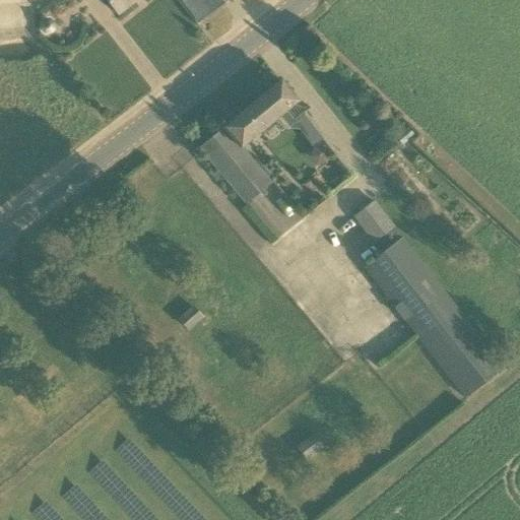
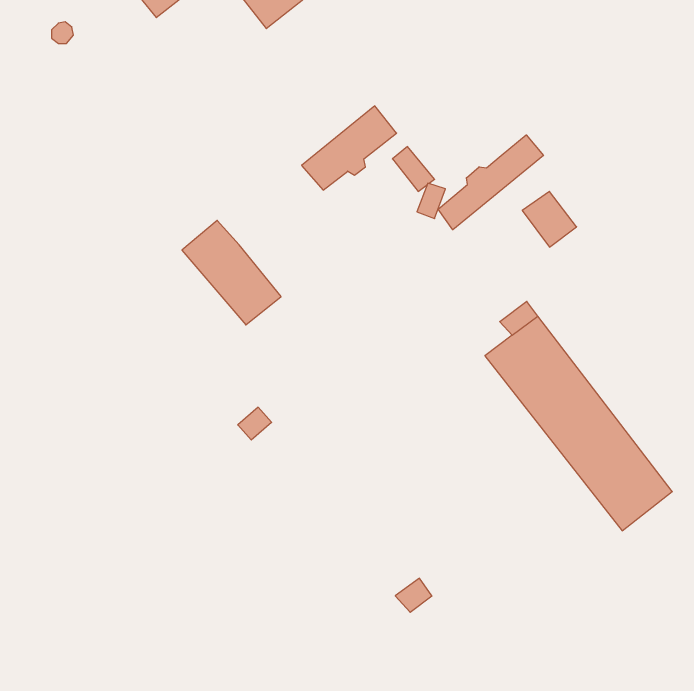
building: none -> [438,135,543,230]
building: [199,124,273,202] -> [182,220,281,325]
building: [353,199,394,241] -> [522,191,577,247]

